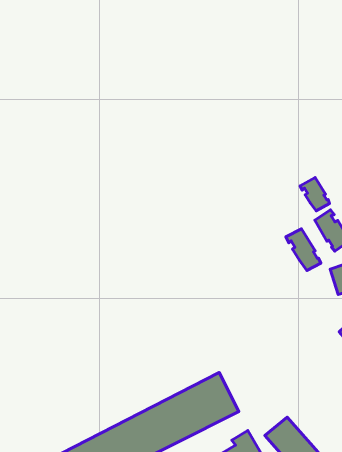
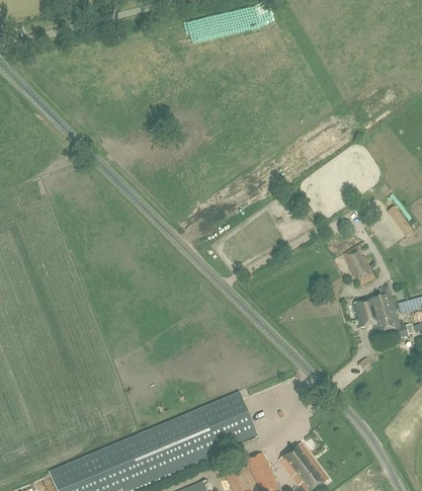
building: [300,178,329,211] -> none
building: [286,229,321,270] -> none

